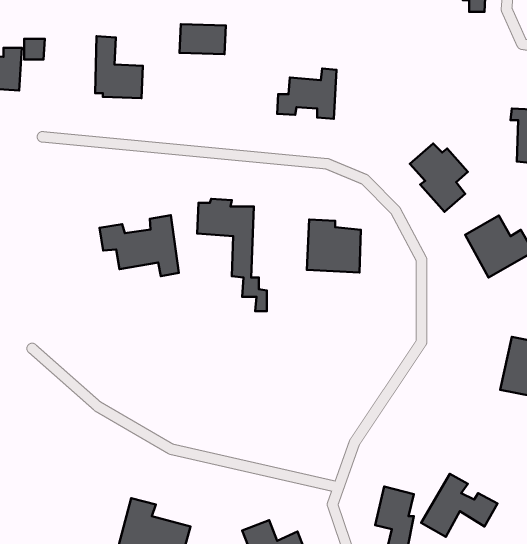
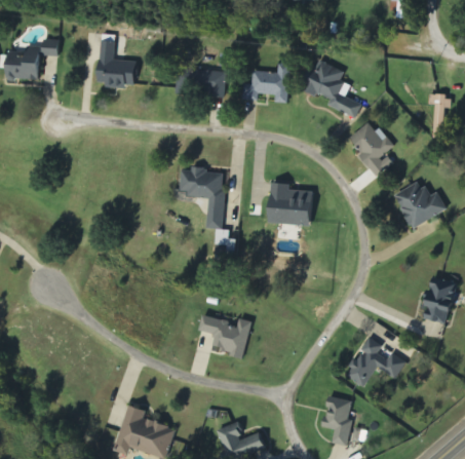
building: [180,24,226,54] -> [190,70,227,93]
building: none -> [302,61,362,117]
building: [100,215,179,276] -> none
building: none -> [199,316,251,356]
building: [421,474,497,537] -> [346,337,406,387]

